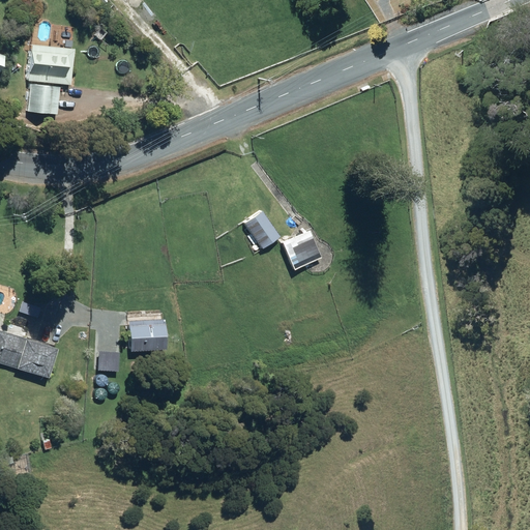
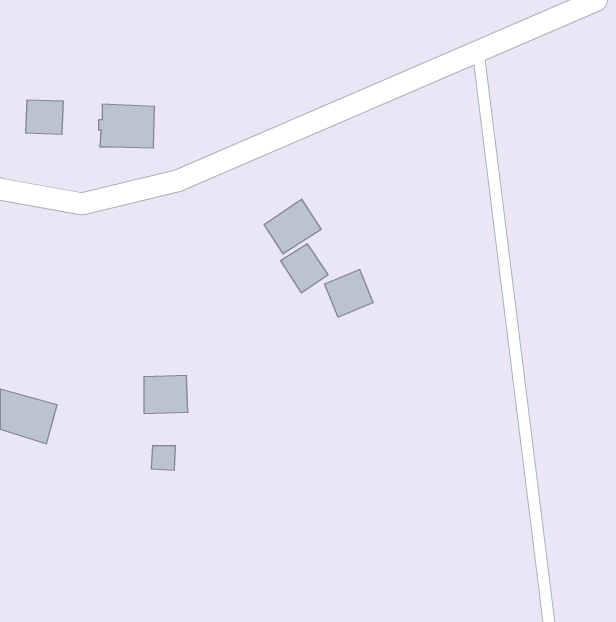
building: [26,47,73,84] -> [98,104,155,148]
building: none -> [264,199,321,254]
building: [99,352,120,373] -> [151,446,176,470]

